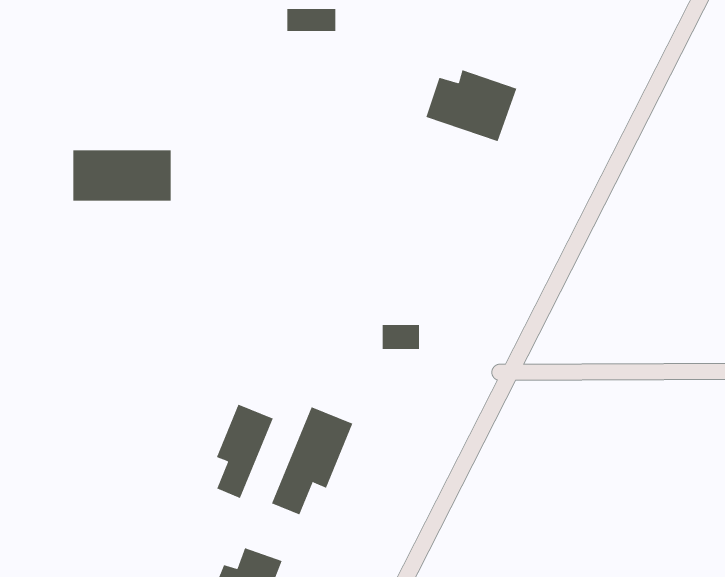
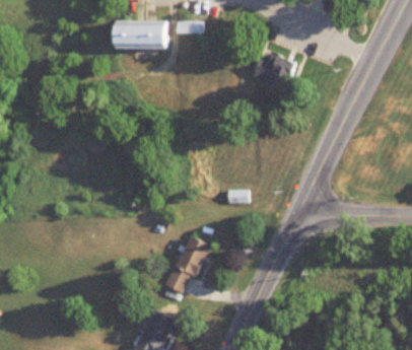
building: [72,150,172,201] -> [118,23,170,51]
building: [216,404,273,499] -> none

